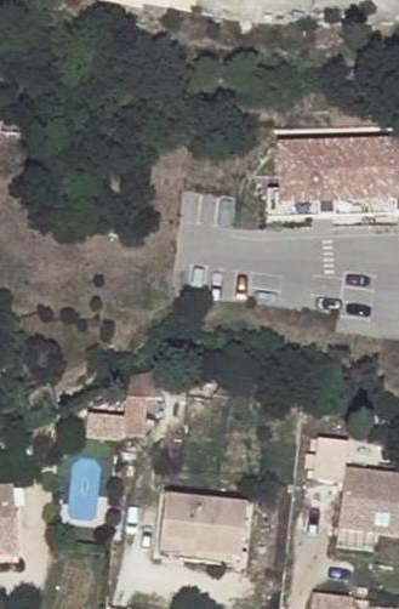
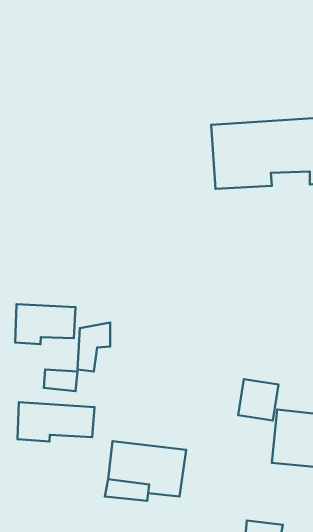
building: none -> [15,304,76,344]
building: none -> [17,402,94,442]

